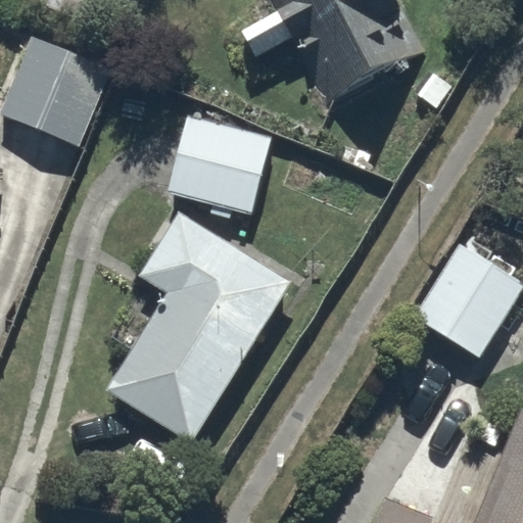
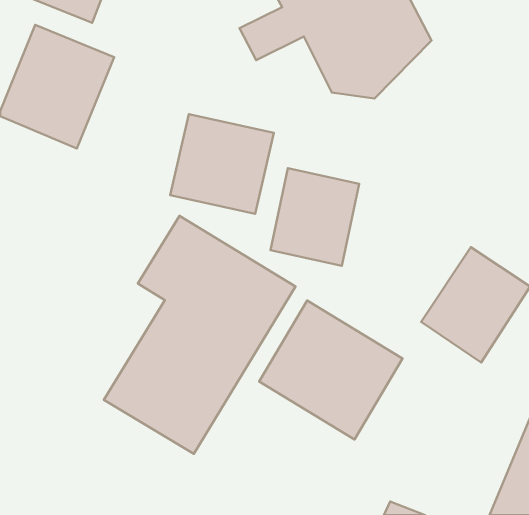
building: none -> [271,168,359,266]
building: none -> [259,300,402,440]

